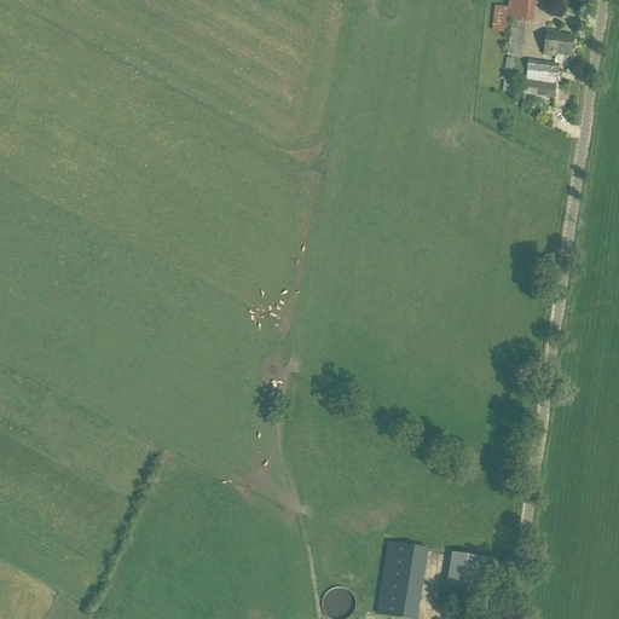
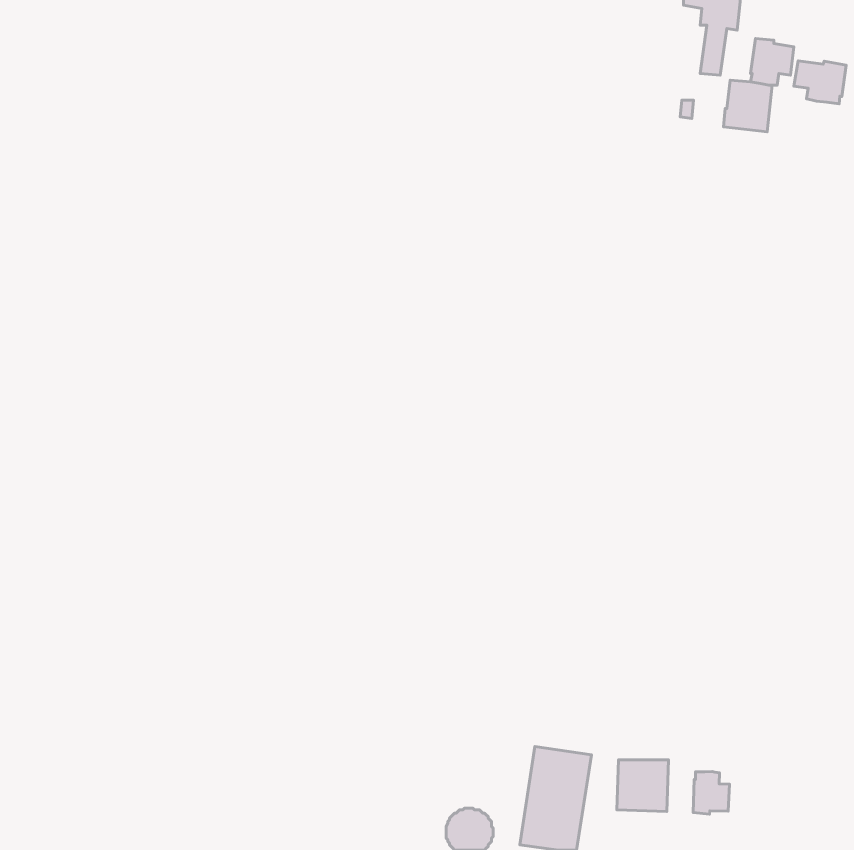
building: none -> [794,61,846,104]
building: none -> [693,772,730,814]

